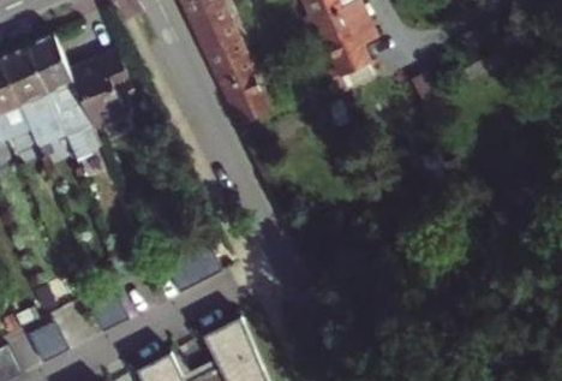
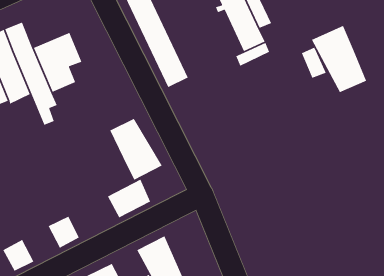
building: none -> [311,25,367,93]
building: none -> [109,118,163,181]

